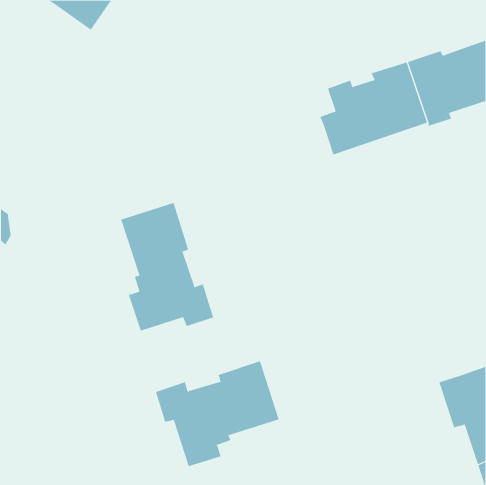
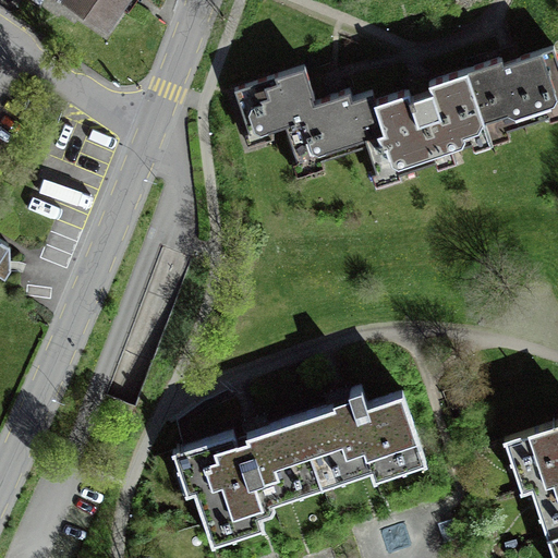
building: none -> [236,71,384,181]
building: [121,202,214,331] -> none
building: none -> [299,381,425,482]

